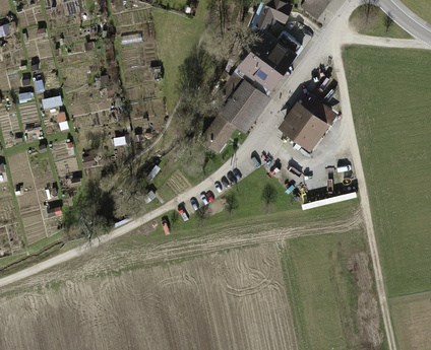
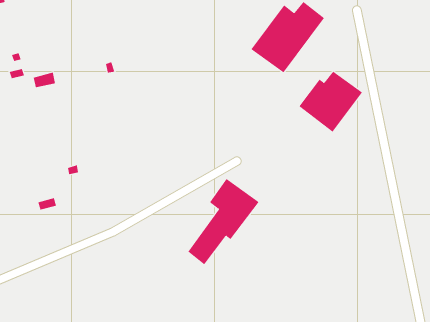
building: [200,74,264,151] -> [187,178,260,265]

